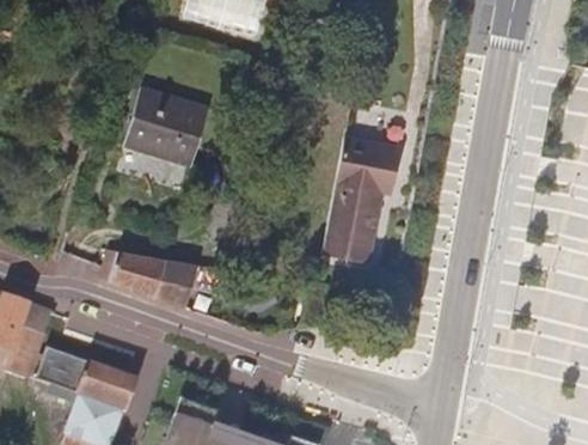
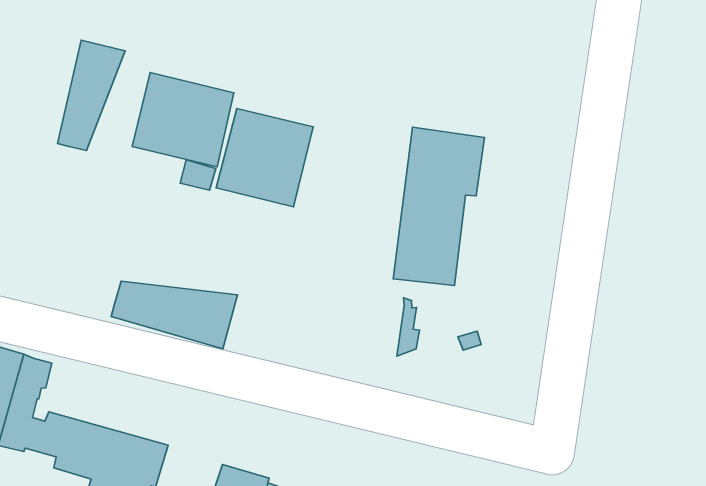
building: none -> [57,40,125,150]
building: none -> [216,108,313,207]

